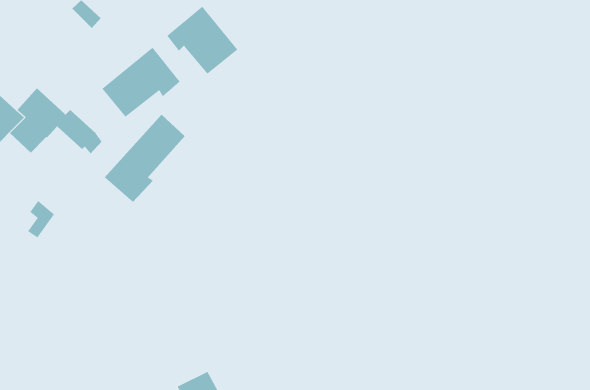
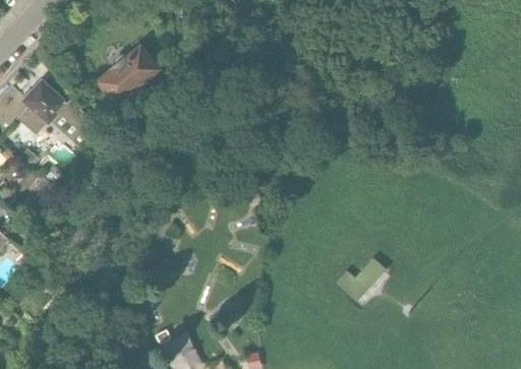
building: [167,6,238,74] -> none
building: [104,114,185,203] -> none

